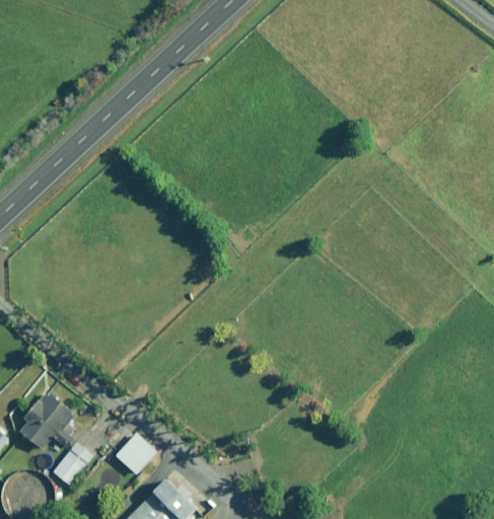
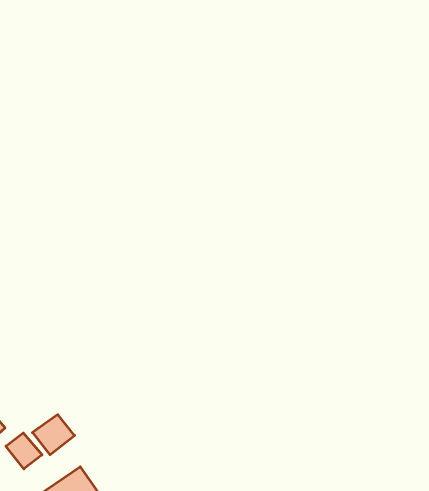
building: none -> [6,433,42,469]

